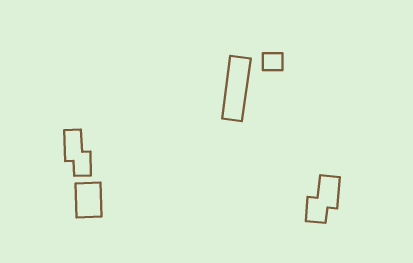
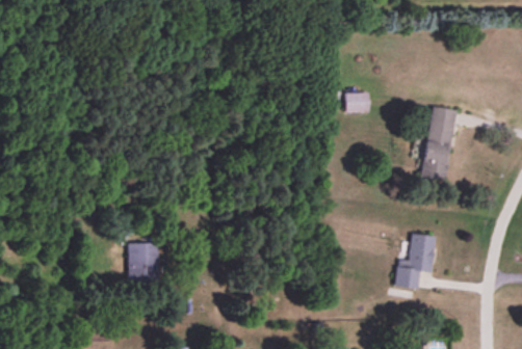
building: [222,56,251,121] -> [422,106,455,182]
building: [64,130,91,176] -> none

